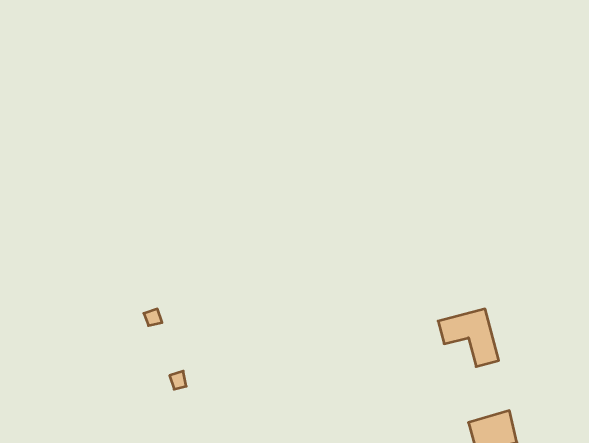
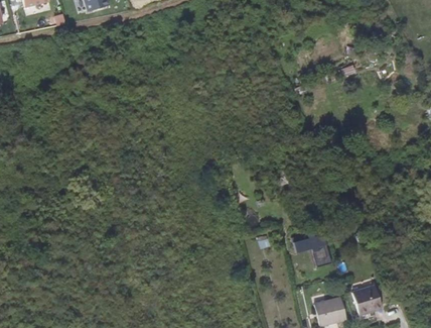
building: none -> [355,284,385,313]

